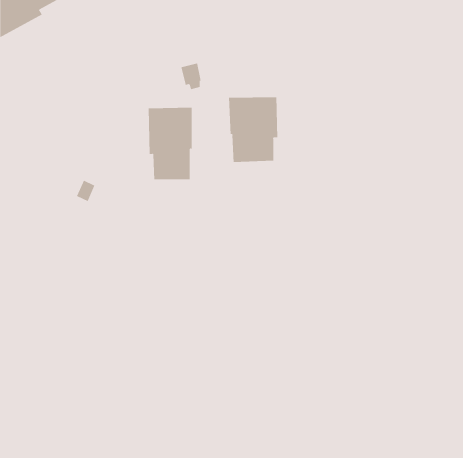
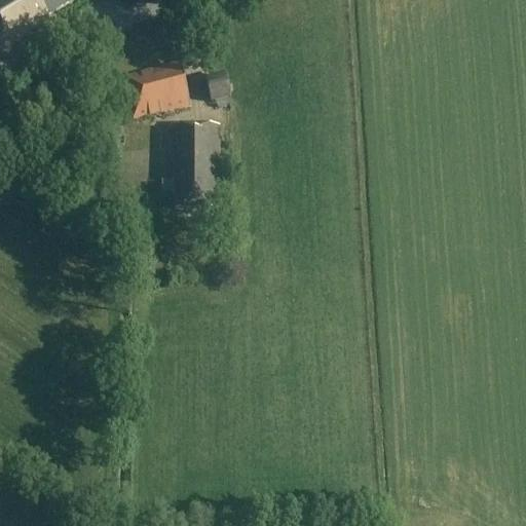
building: none -> [122,55,188,116]
building: [228,96,278,163] -> none

